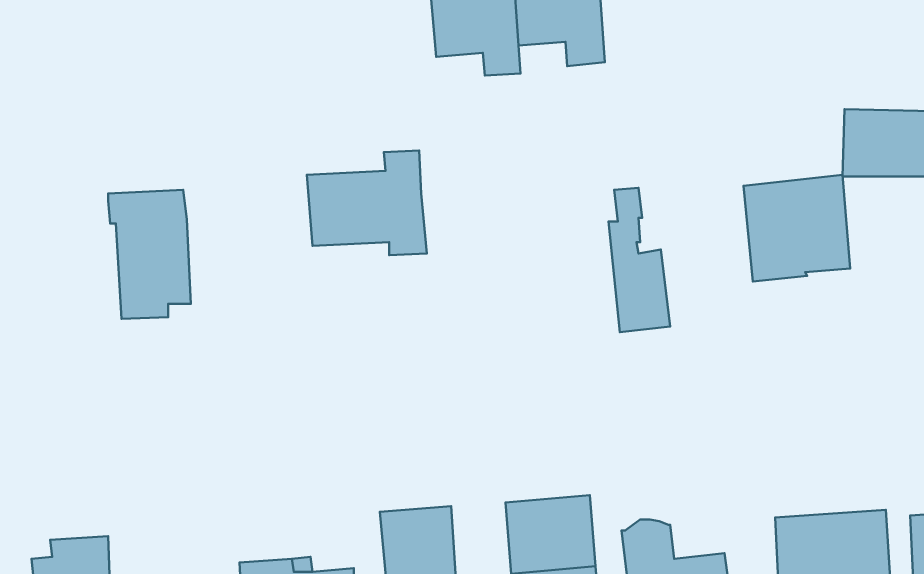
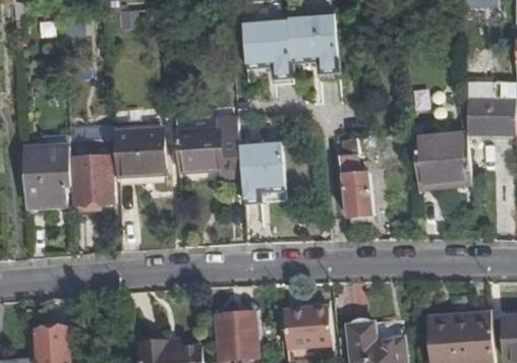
building: none -> [115,128,166,175]
building: none -> [238,138,285,202]
building: none -> [22,145,70,205]

